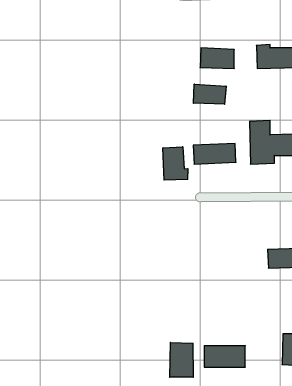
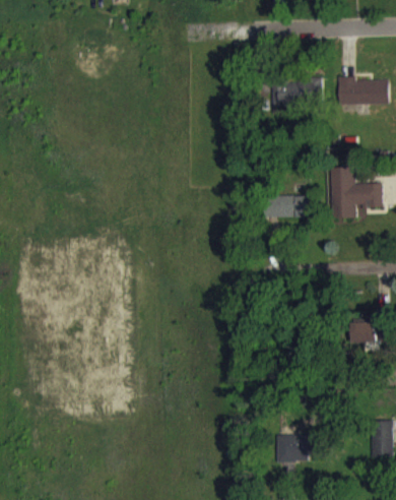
building: [193,84,226,104] -> none
building: [163,147,188,180] -> none
building: [170,342,193,377] -> none

